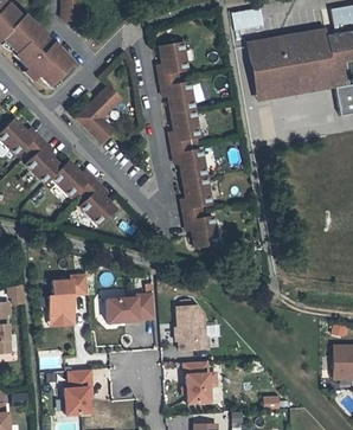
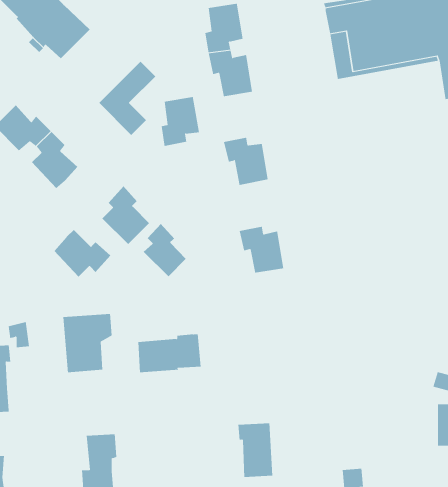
building: [169,110,199,148] -> [161,97,200,147]
building: [52,161,96,198] -> [53,229,111,277]
building: [181,177,211,216] -> none
building: none -> [143,223,186,277]
building: [178,306,208,351] -> none

